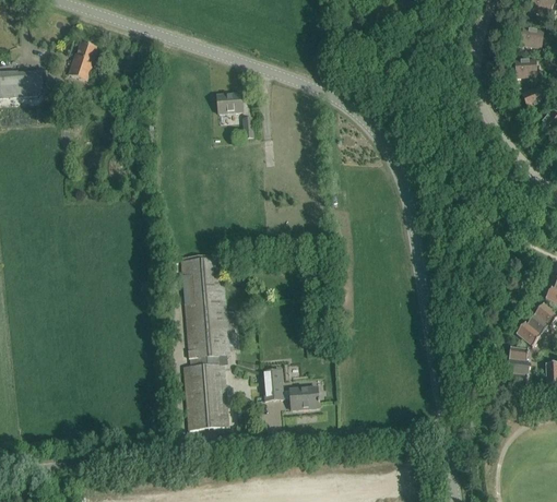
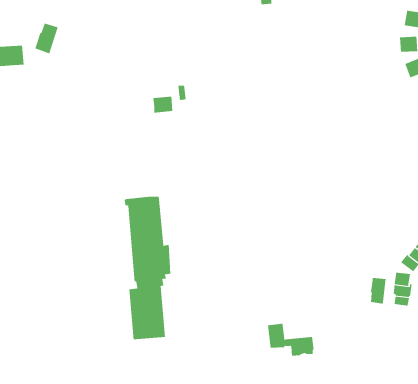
building: [216,92,241,112] -> [153,96,173,113]
building: none -> [370,277,386,304]
building: [261,369,319,409] -> [267,323,315,356]

